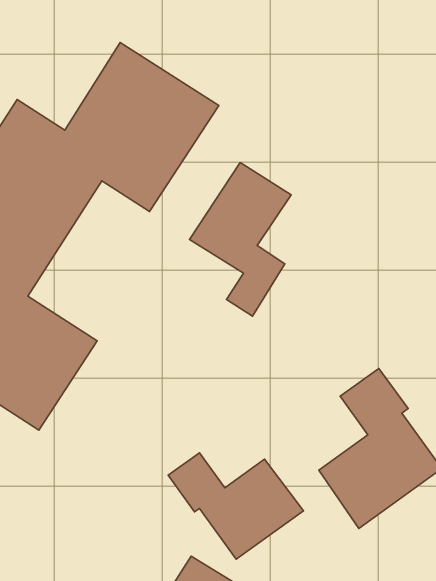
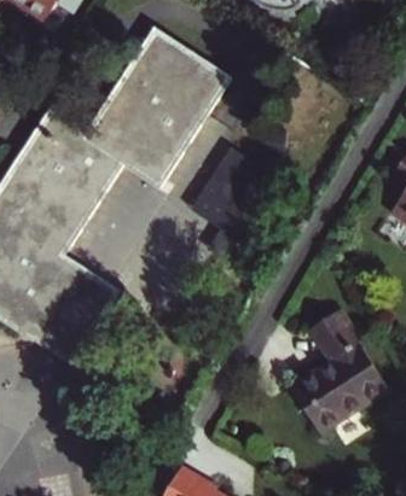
building: none -> [133,31,227,107]
building: [168,453,303,559] -> none

